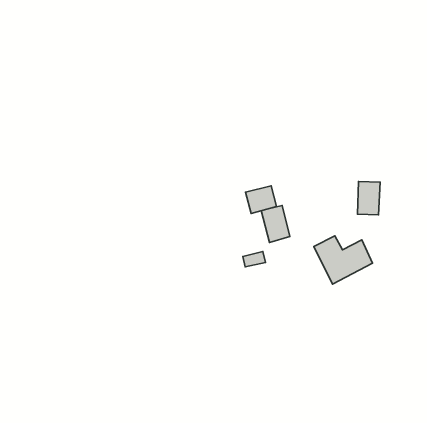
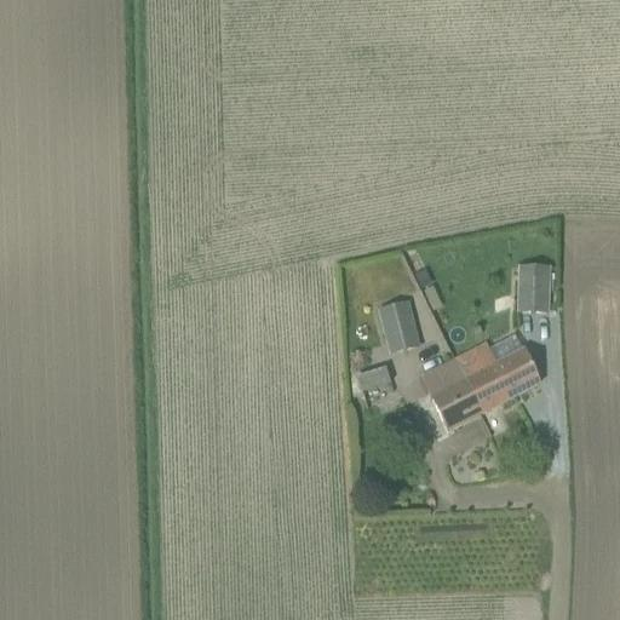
building: [246,186,277,213] -> none
building: none -> [423,357,482,430]

